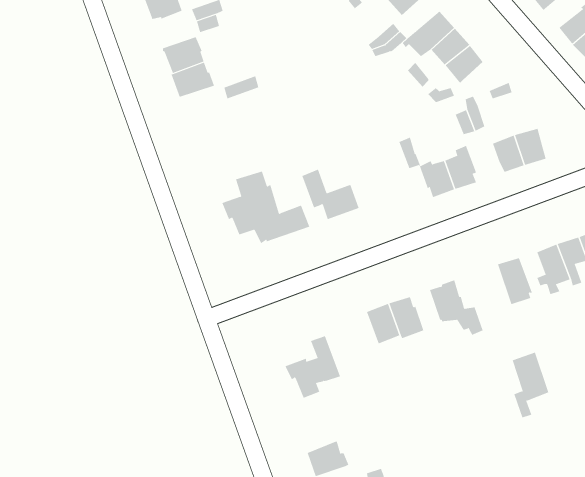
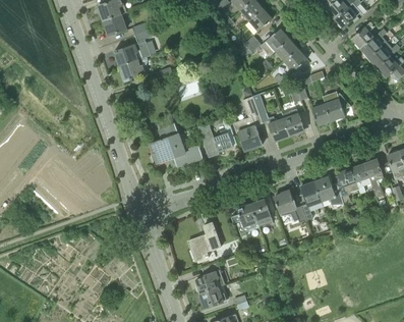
building: none -> [231,95,262,151]
building: [512,352,549,418] -> [300,179,323,219]
building: none -> [195,263,219,292]

